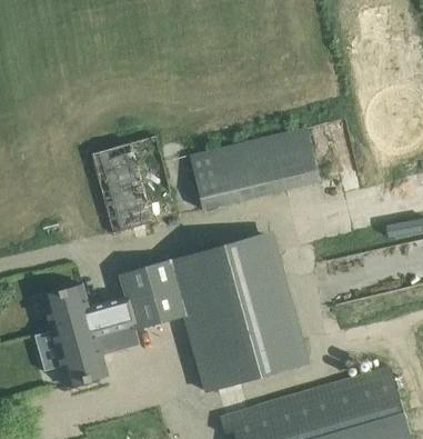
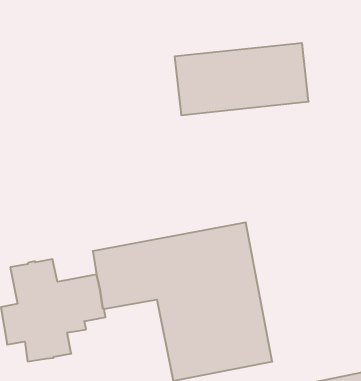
building: [188,127,320,206] -> [175,43,309,115]
building: [91,136,179,233] -> none

